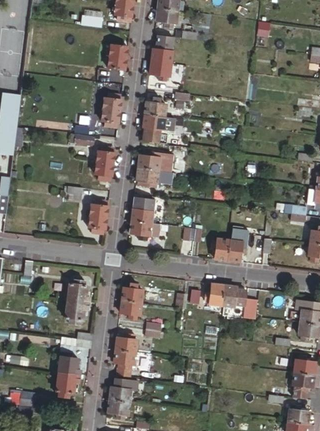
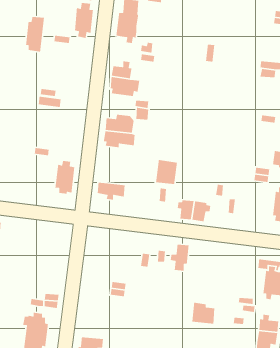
building: [101,92,121,129] -> [25,16,45,53]
building: [94,146,115,182] -> none
building: [131,197,154,223] -> [155,159,178,185]
building: [65,281,90,324] -> none
building: [120,284,143,320] -> none
building: [222,285,246,308] -> [192,302,215,325]
building: [114,334,137,377] -> none

